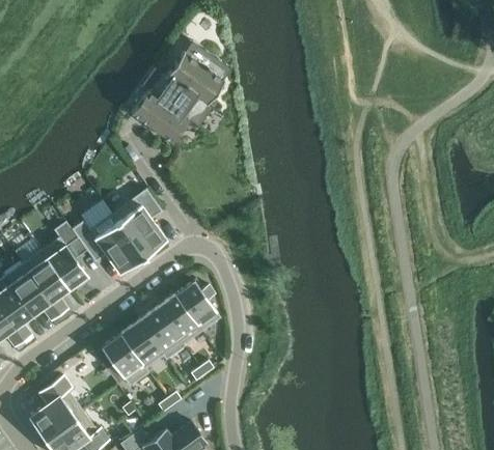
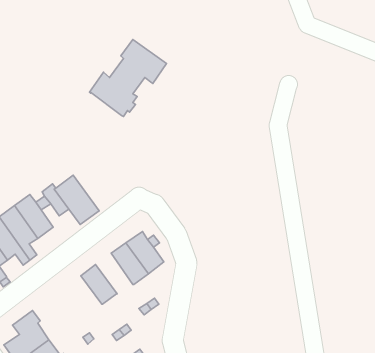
building: [112,189,167,256] -> none
building: [139,307,187,360] -> none
building: [103,334,150,386] -> none

